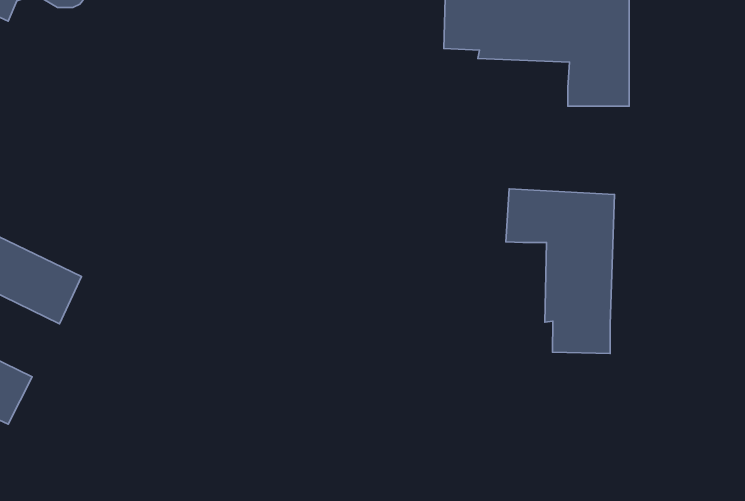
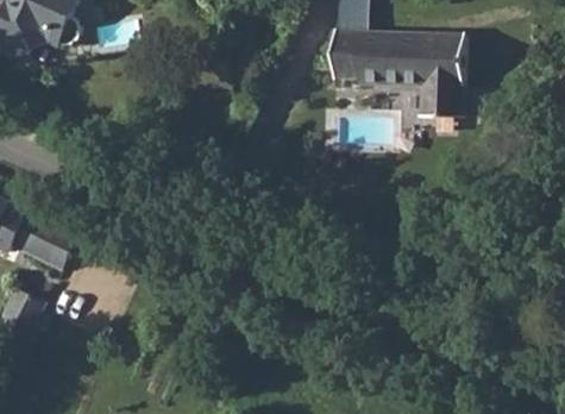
building: [506,189,614,354] -> none

